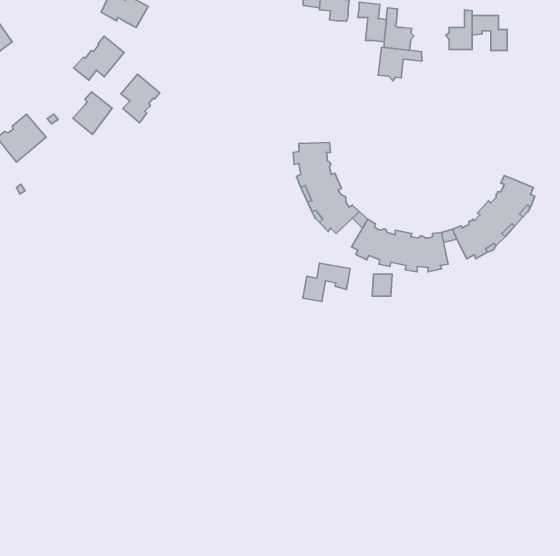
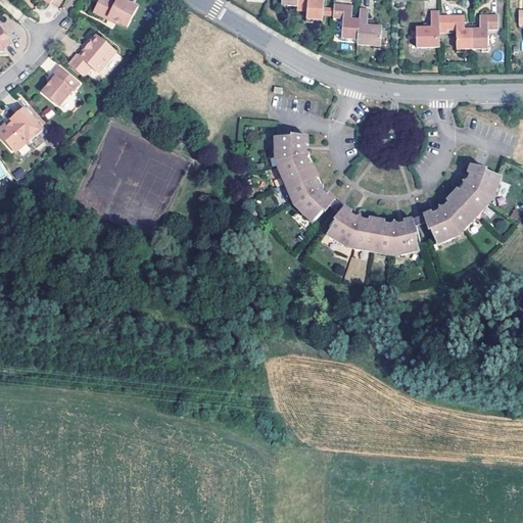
building: none -> [472,14,497,47]
building: [378,47,422,81] -> none
building: [121,74,160,123] -> none
building: [73,92,112,135] -> [42,65,79,105]
building: [303,263,350,302] -> none

